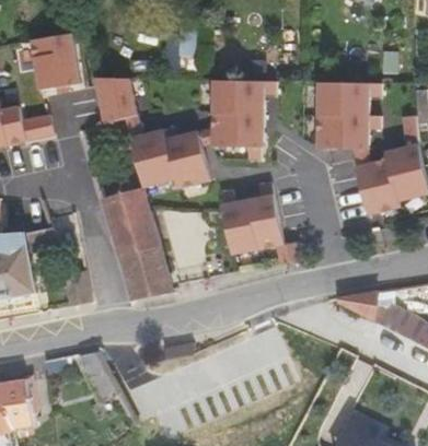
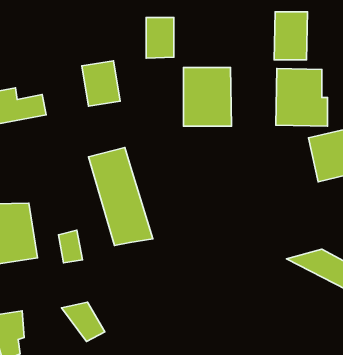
building: none -> [274,12,307,60]
building: [28,31,81,91] -> none
building: [136,126,217,187] -> none
building: [223,195,280,253] -> none

